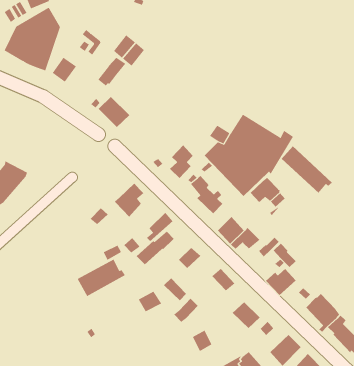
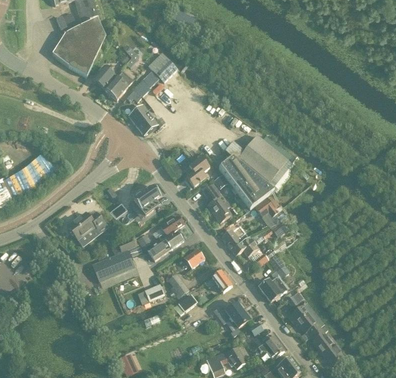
building: none -> [102,71,131,99]
building: [281,146,333,194] -> none
building: none -> [66,212,103,239]

